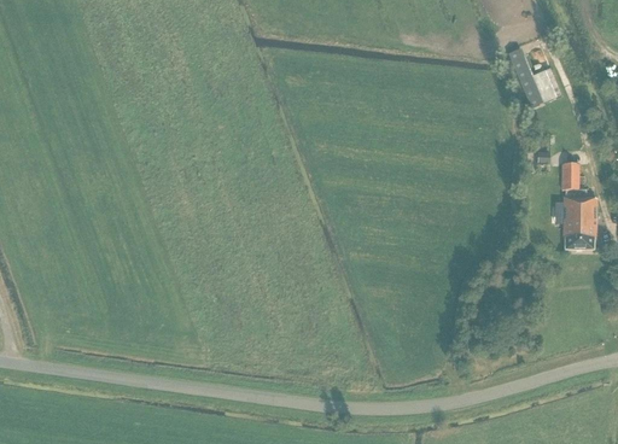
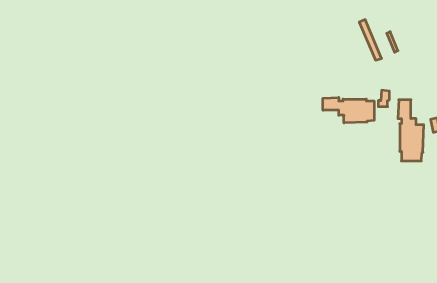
building: none -> [323,97,374,123]

